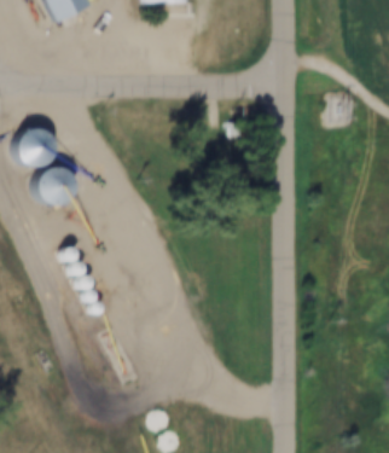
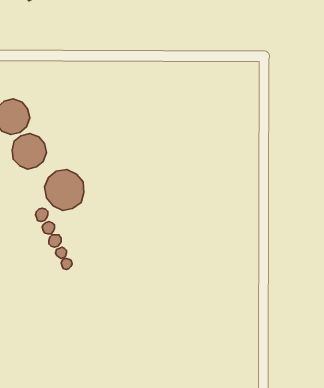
building: none -> [44,169,84,210]

